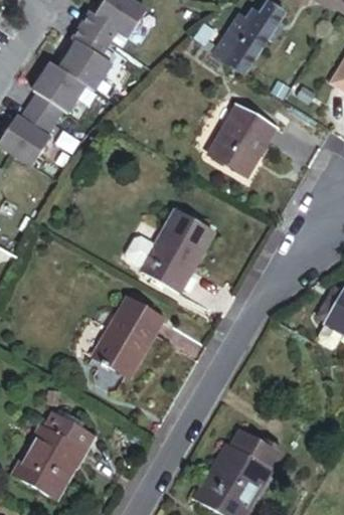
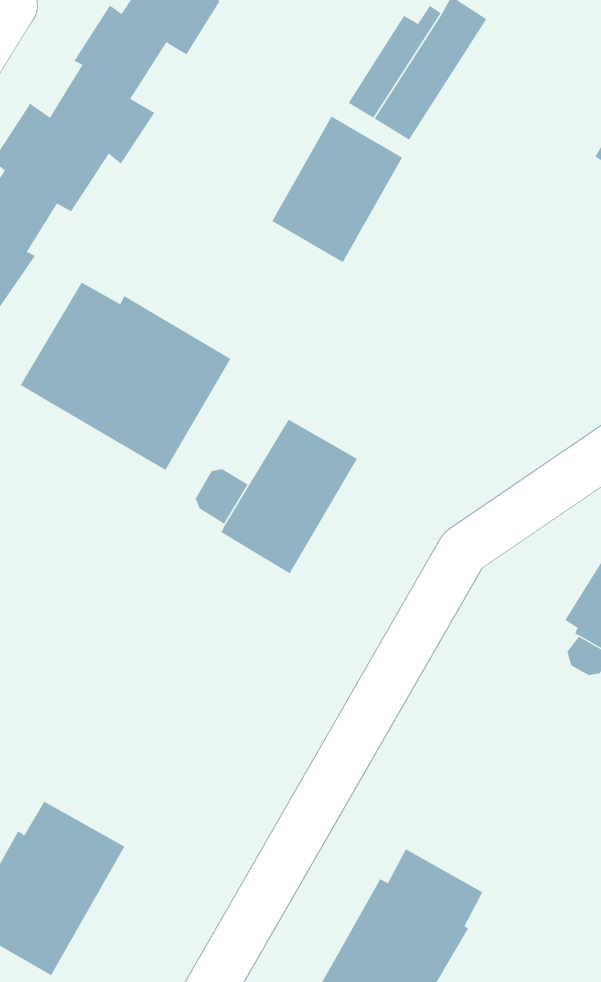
building: [212,105,279,179] -> [272,116,403,263]
building: none -> [20,282,231,471]
building: [96,302,164,379] -> none

